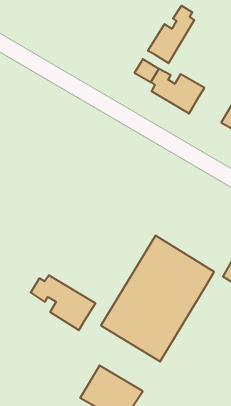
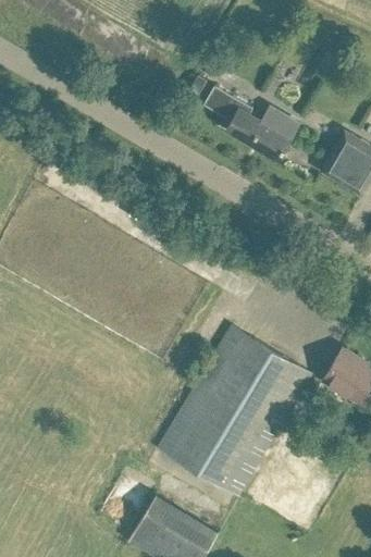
building: [148,6,194,63] -> none
building: [31,275,95,330] -> none

